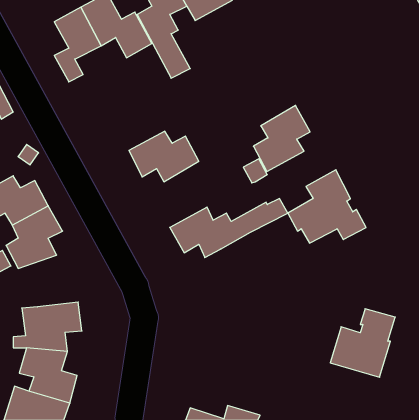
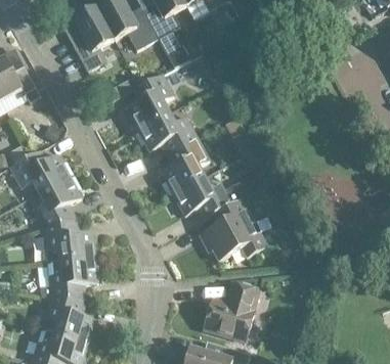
building: none -> [125,74,173,129]
building: [253,105,310,172] -> [161,138,209,194]
building: [288,170,366,243] -> [200,198,266,261]
building: none -> [43,218,94,262]
building: [330,309,395,377] -> [205,282,260,340]

